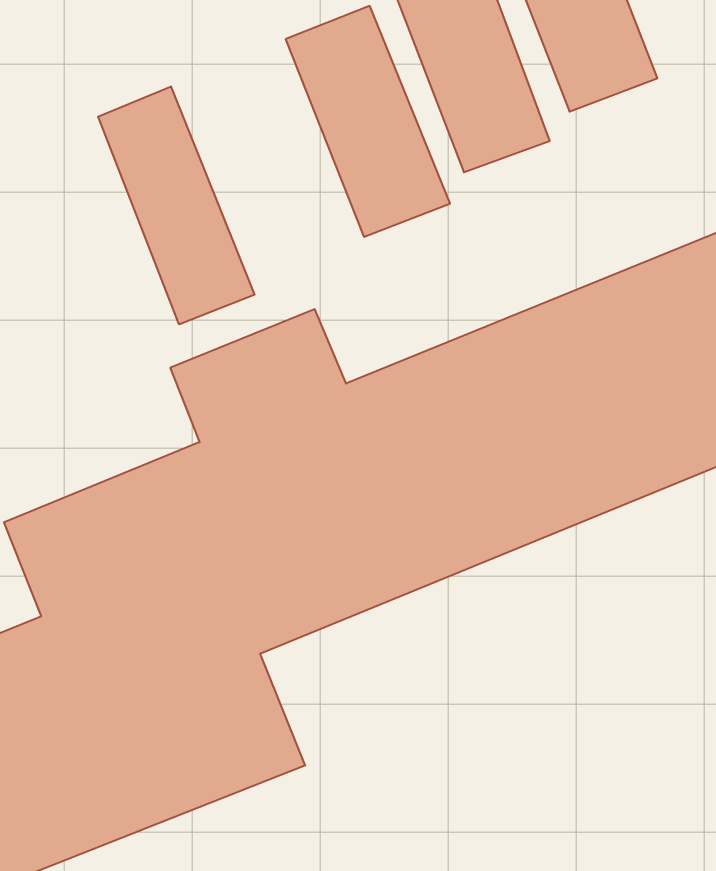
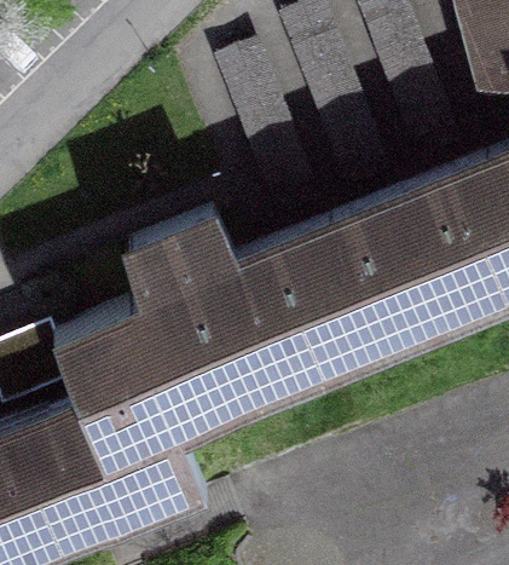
building: [98,86,255,324] -> none

